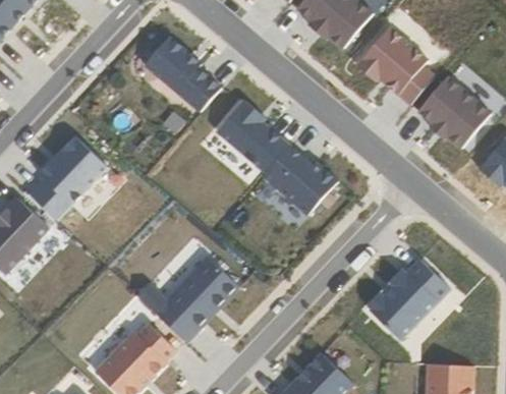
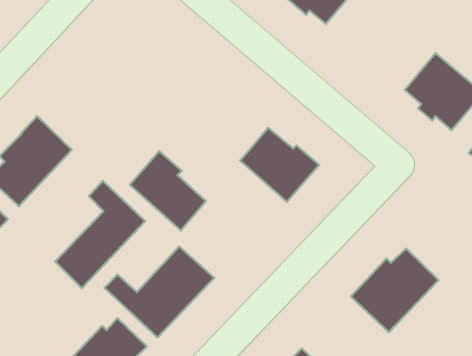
building: [356,31,434,104] -> none
building: [143,34,221,112] -> none
building: [218,99,289,173] -> [130,151,206,230]
building: none -> [55,181,145,288]

